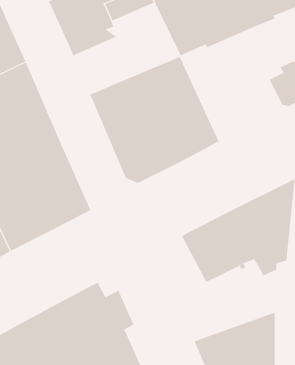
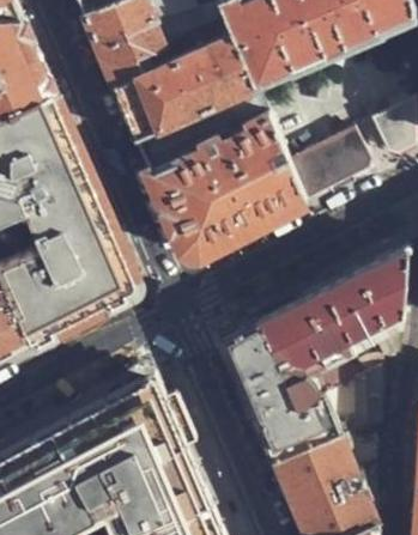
building: none -> [114,25,254,138]
building: none -> [287,127,370,199]
building: none -> [220,322,381,460]

